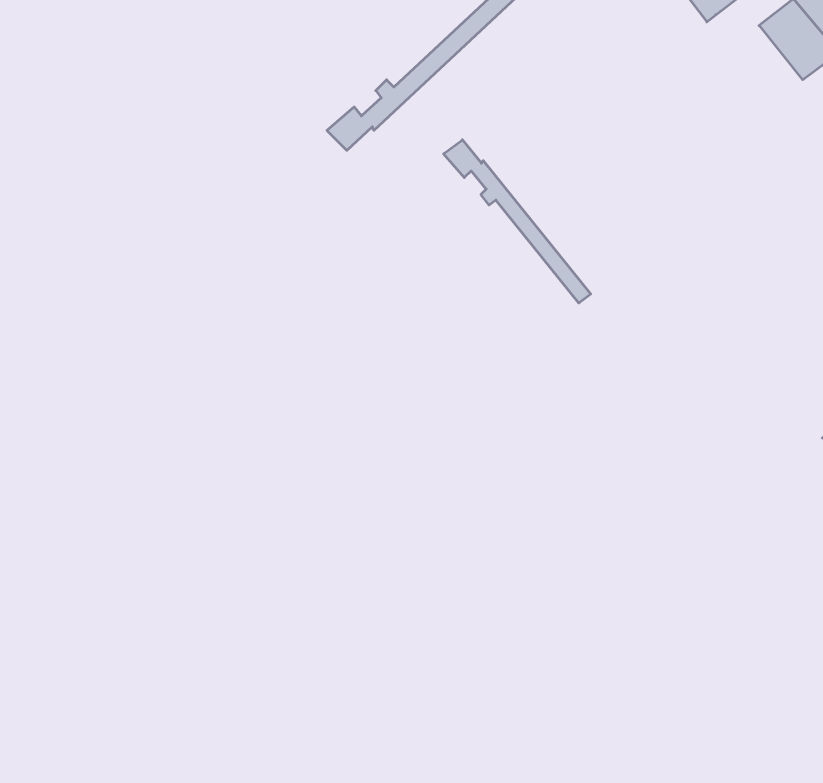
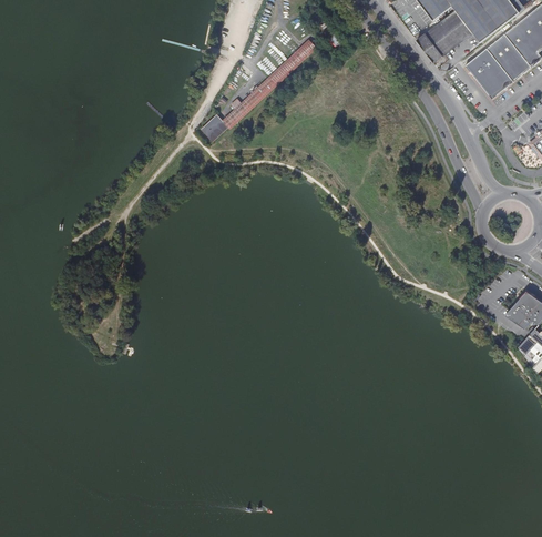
building: [444,140,591,303] -> none

